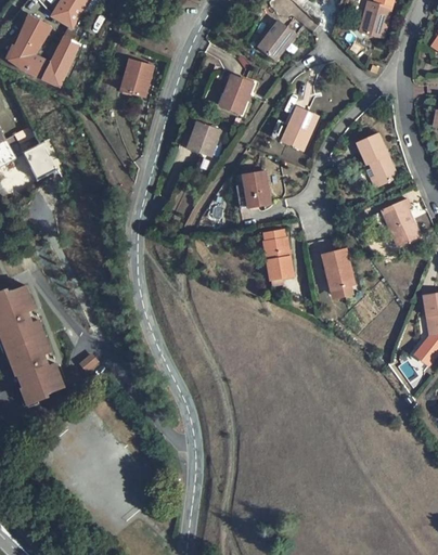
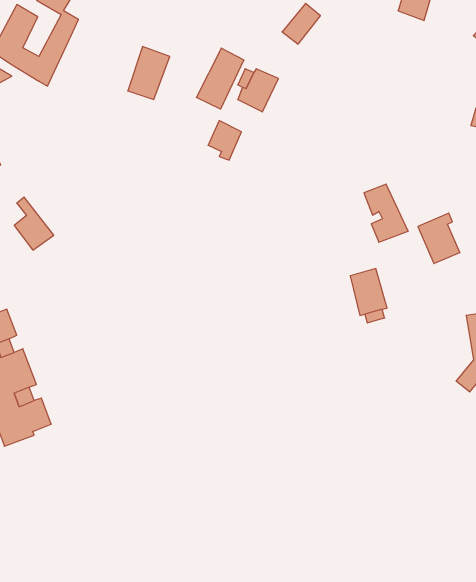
building: none -> [196,48,244,109]
building: [282,107,320,150] -> none
building: [357,134,396,185] -> [364,184,408,242]
building: [20,143,56,181] -> none
building: [245,170,272,206] -> none
building: [261,235,293,284] -> none

